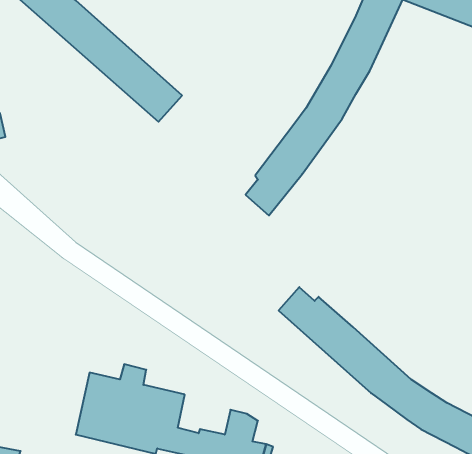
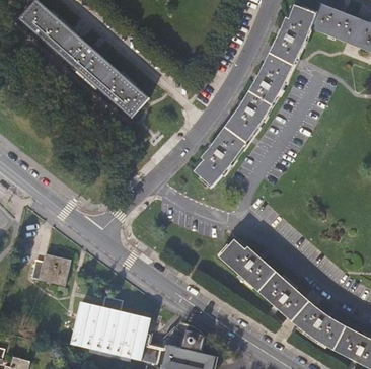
building: none -> [29,253,70,286]

